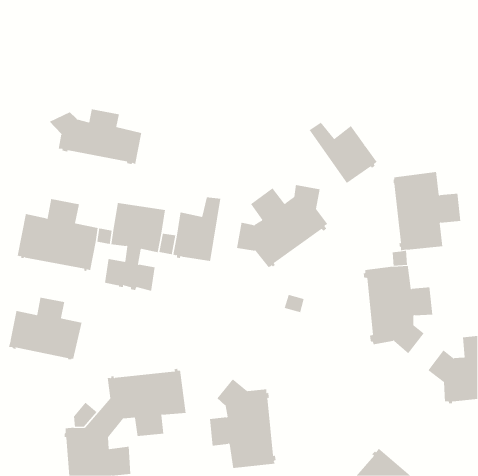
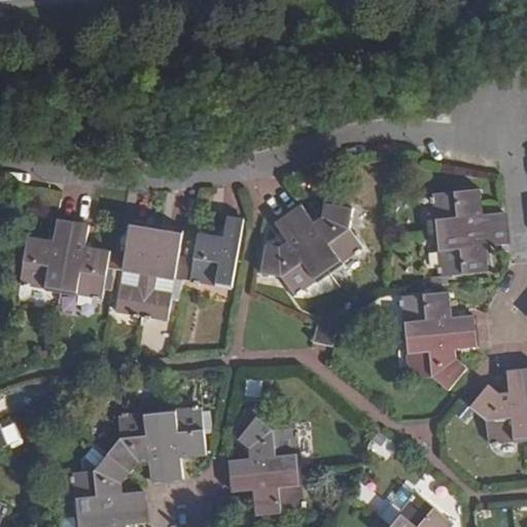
building: [49,108,142,165] -> none
building: [309,122,377,184] -> none
building: [9,297,82,360] -> none

